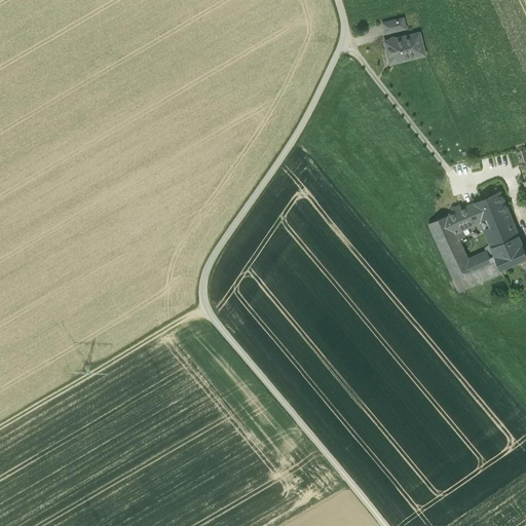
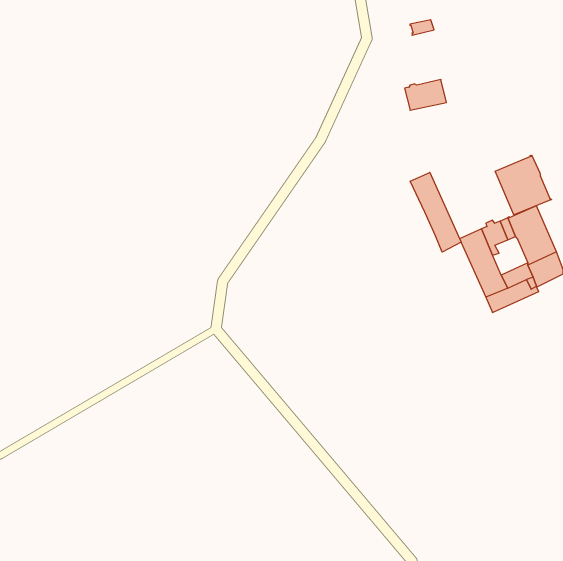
building: [384,33,423,62] -> [405,80,446,110]
building: none -> [495,155,552,215]
building: none -> [410,172,461,252]

